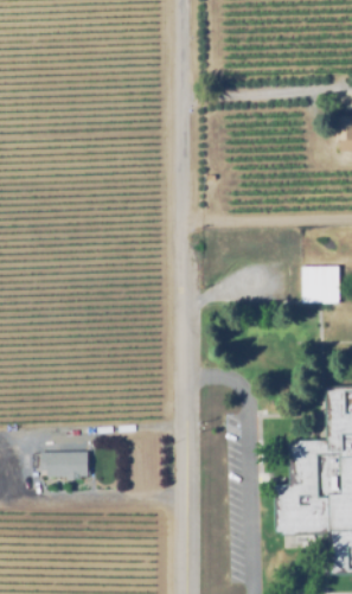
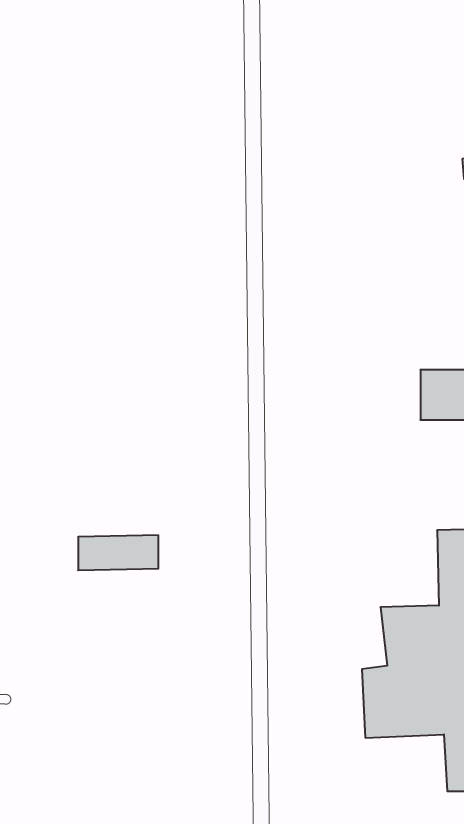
building: [43,453,100,478] -> [78,535,158,570]

